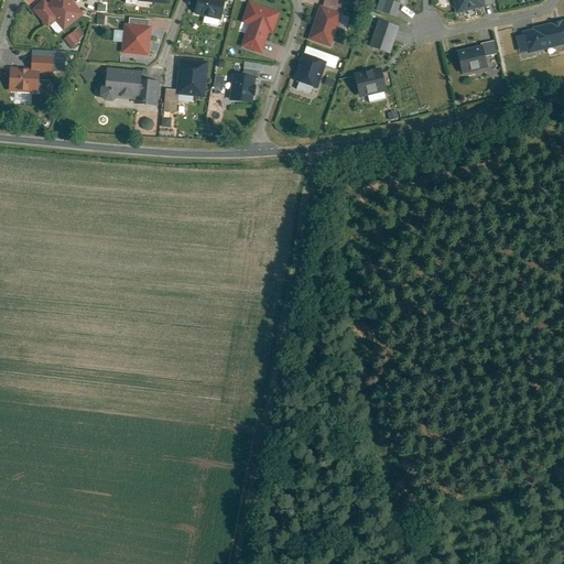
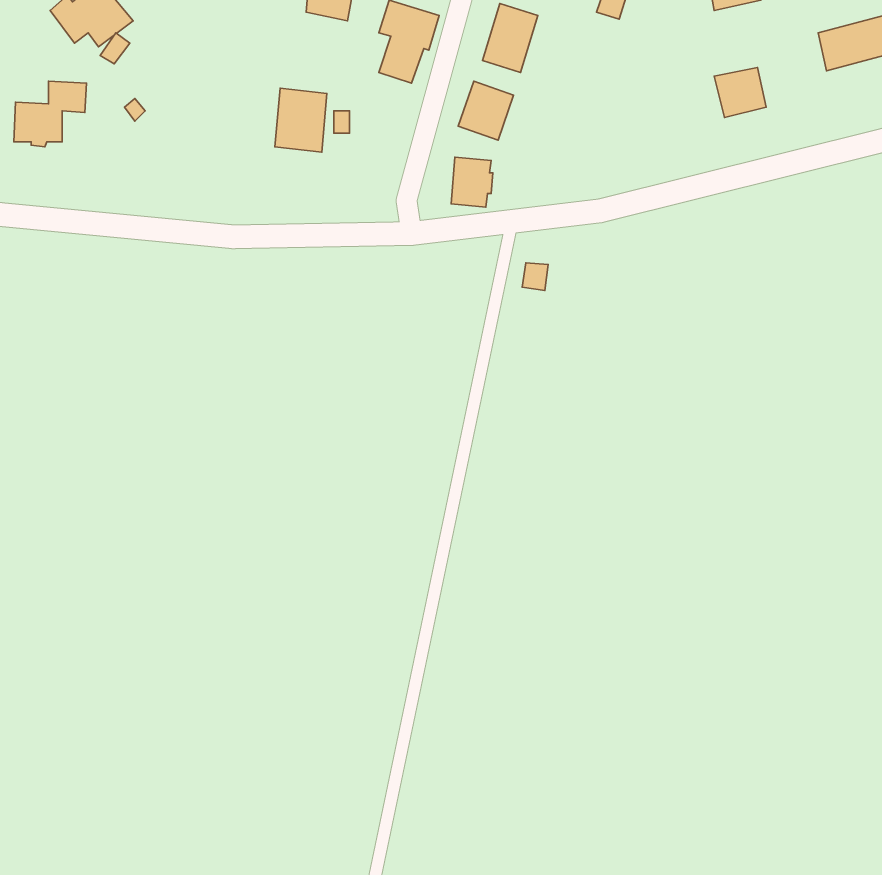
building: [369,20,400,55] -> none
building: [121,22,151,54] -> none
building: [352,65,388,98] -> none
building: [100,67,161,106] -> none
building: [231,73,258,105] -> [451,157,493,207]

